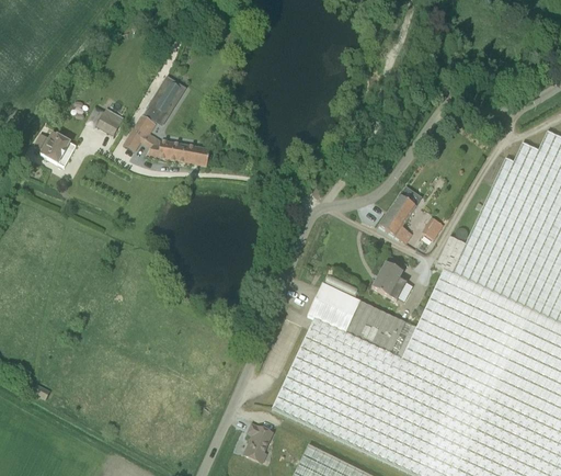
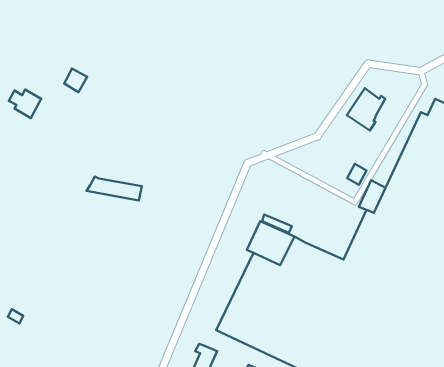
building: [129,77,184,145] -> none
building: [147,139,210,167] -> [86,177,142,200]
building: [379,195,423,243] -> [347,88,385,130]
building: [373,257,407,302] -> none

